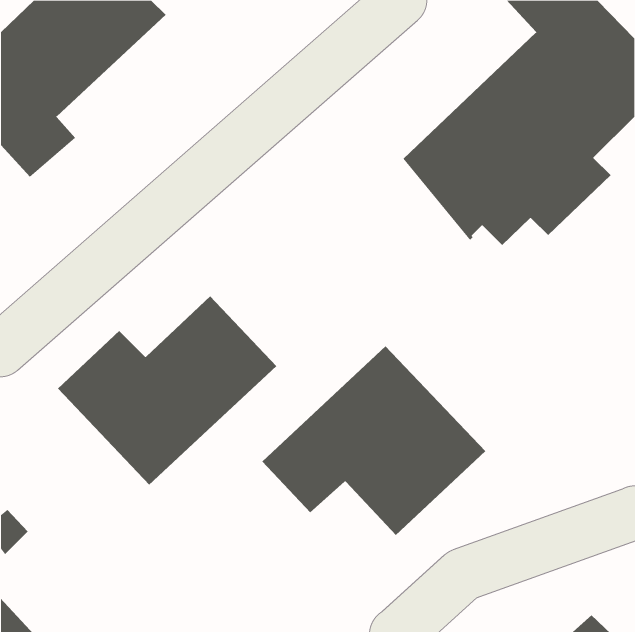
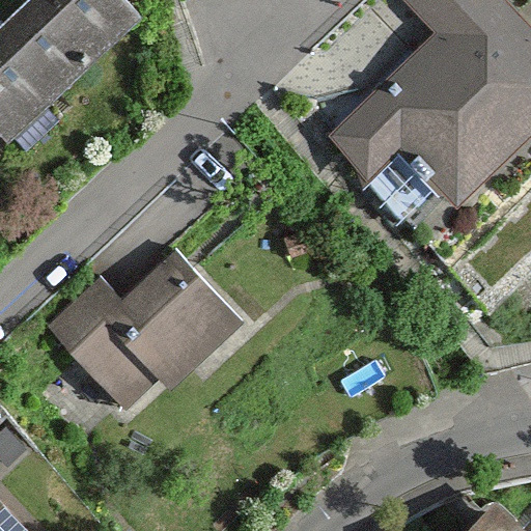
building: [261,346,486,536] -> none

